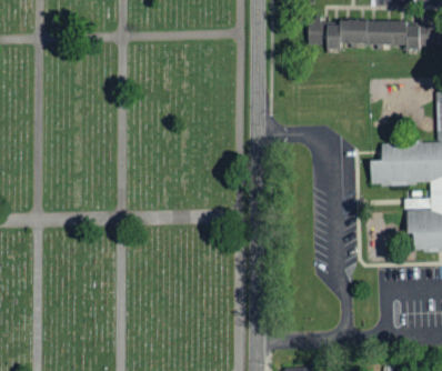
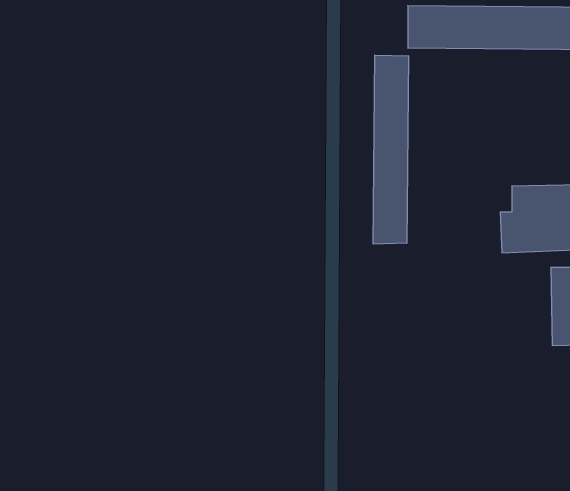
building: none -> [373,55,408,244]

